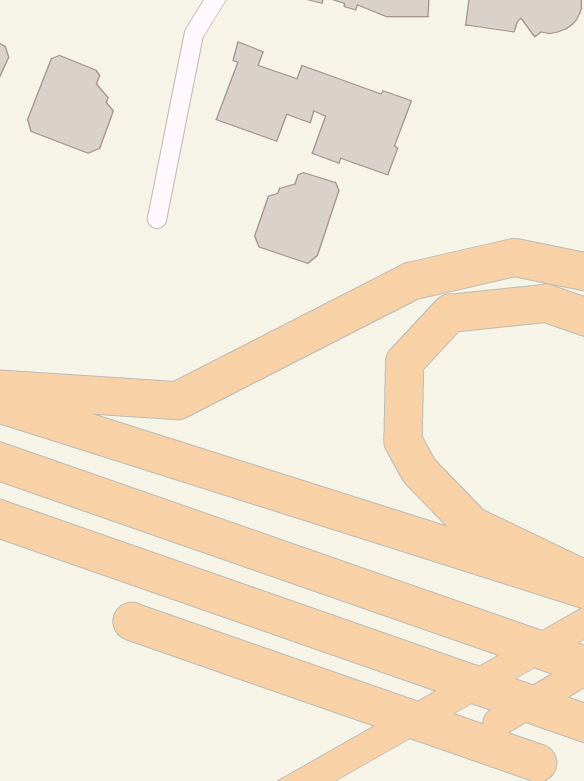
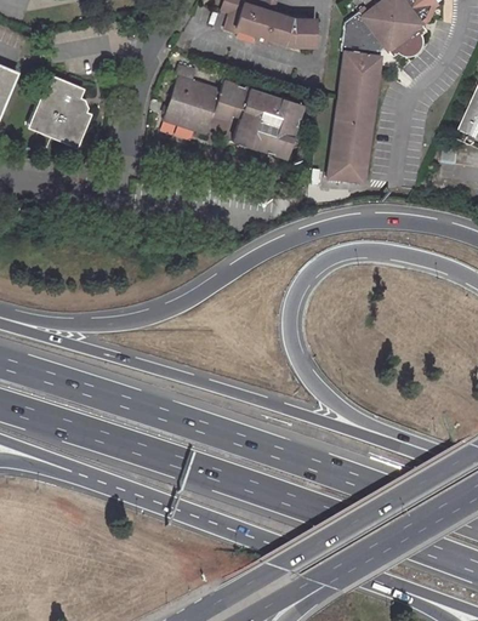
building: none -> [328,51,382,183]
building: [255,173,339,264] -> none

